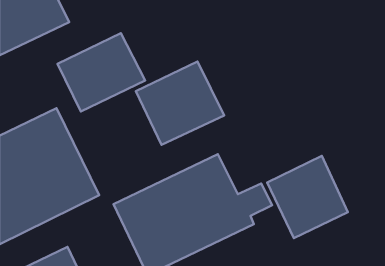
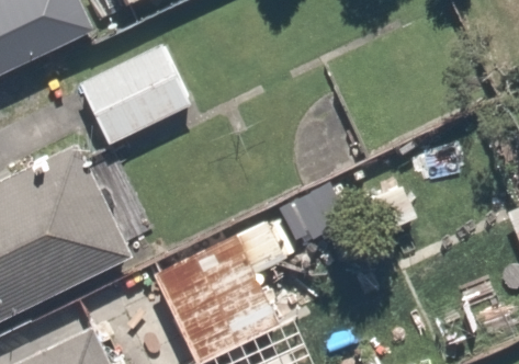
building: [136,61,224,145] -> none
building: [267,156,348,238] -> none

